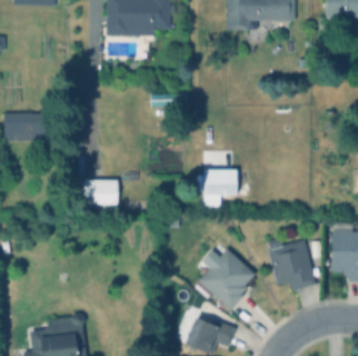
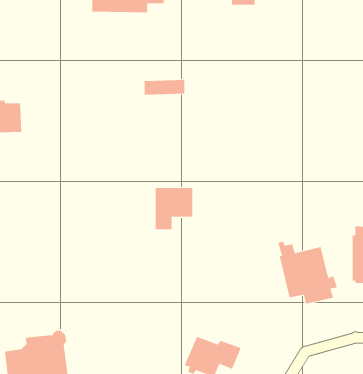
building: [202,171,236,208] -> [155,188,193,230]
building: [84,181,118,206] -> none
building: [199,248,256,310] -> none

